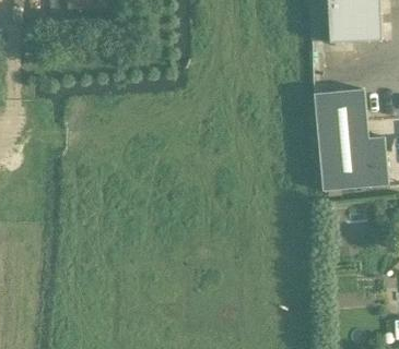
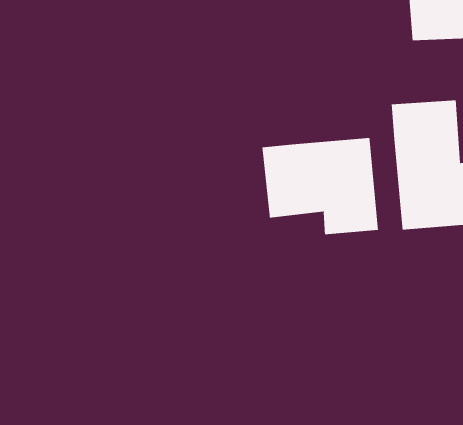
building: none -> [262,137,379,235]

